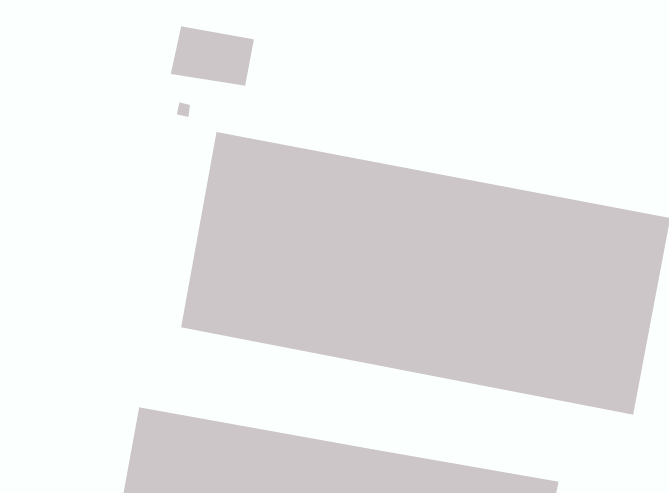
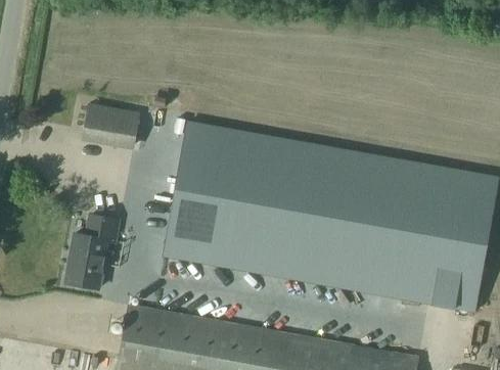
building: [170,25,255,87] -> [86,109,144,151]
building: none -> [69,216,124,290]

